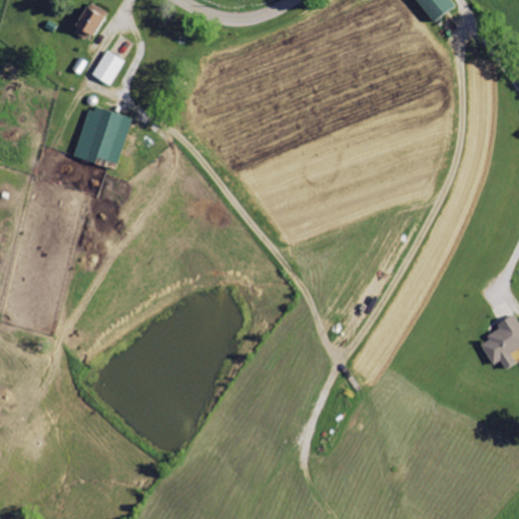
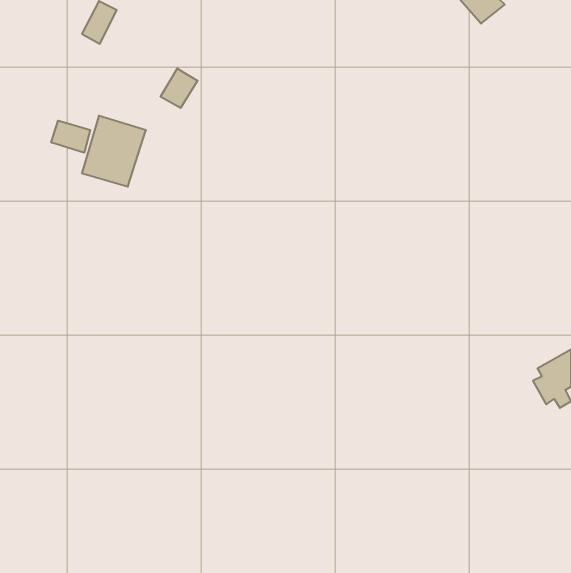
building: [92,49,126,84] -> [160,68,198,108]
building: none -> [51,121,90,153]

